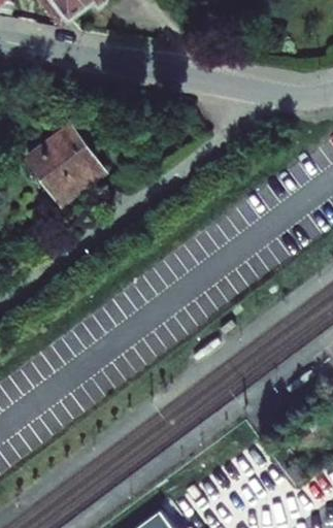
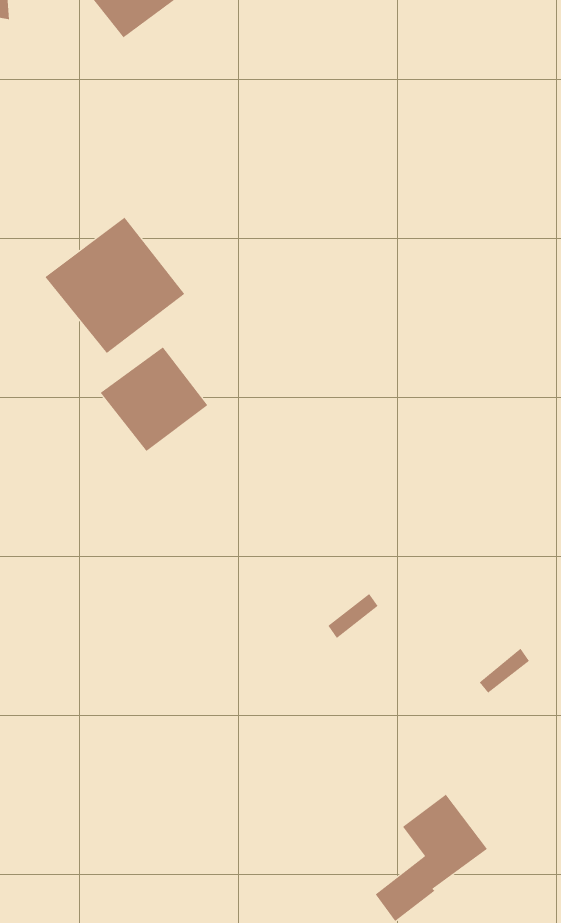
building: none -> [100,347,208,452]

